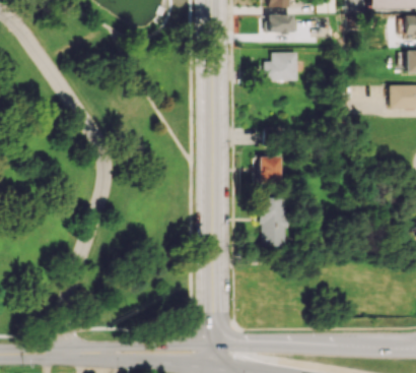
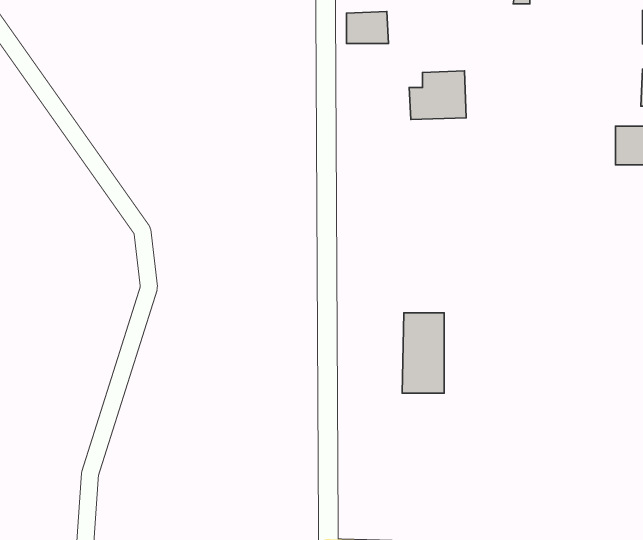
building: [268,14,293,34] -> [347,12,389,44]
building: [259,157,280,184] -> none

